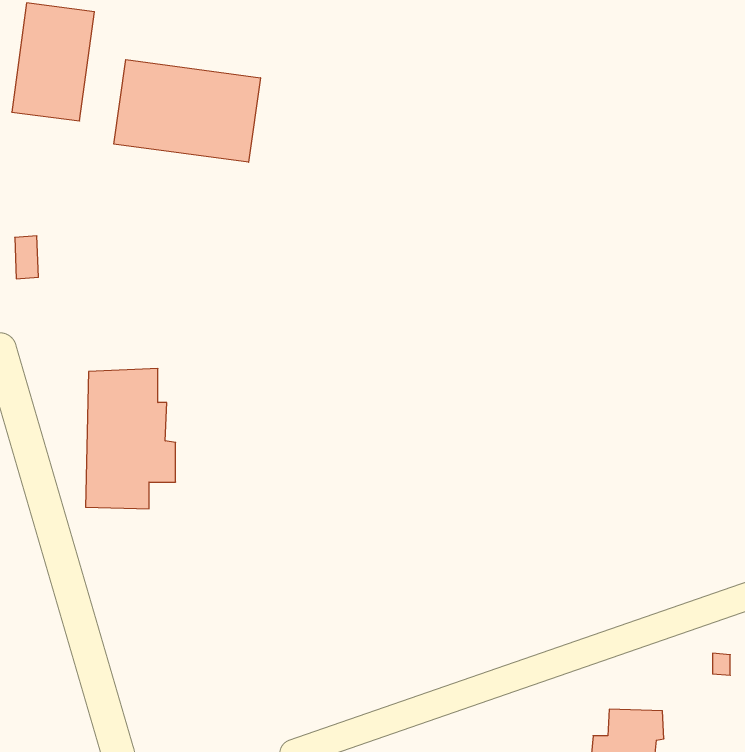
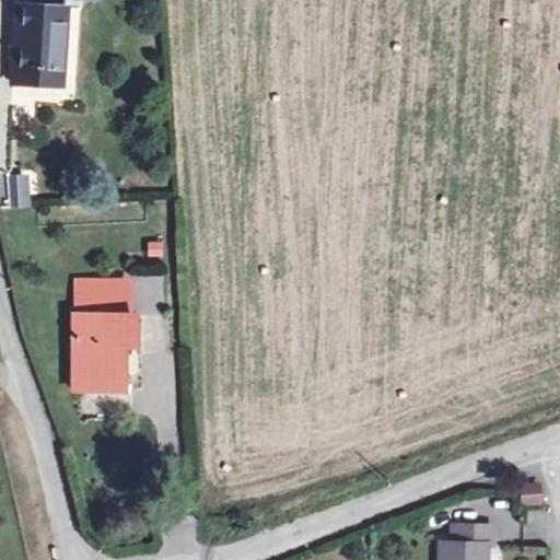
building: [114,60,260,162] -> none

